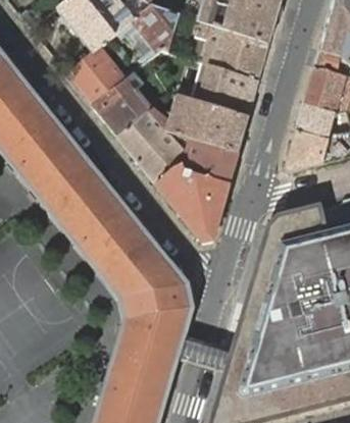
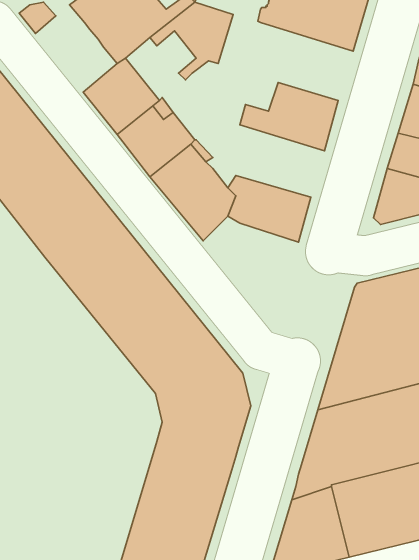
building: [194,20,268,78] -> none
building: [168,96,247,151] -> none
building: [156,165,228,241] -> none

